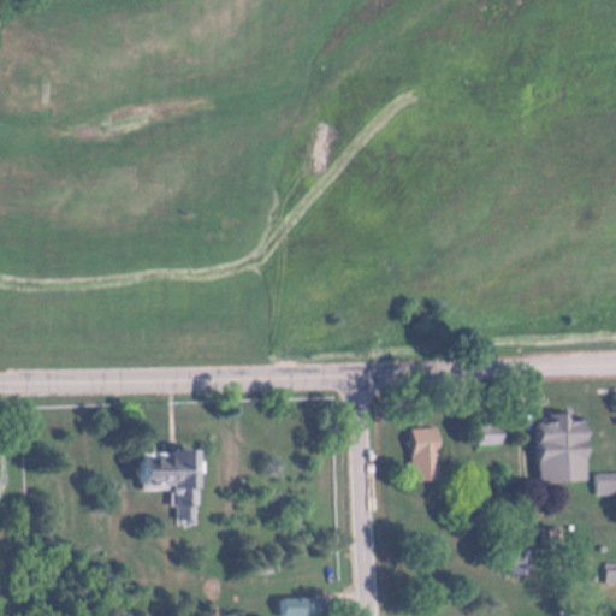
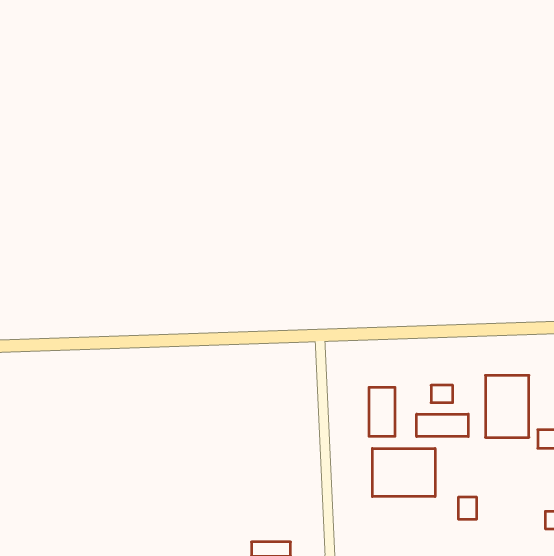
building: [141,449,199,525] -> none
building: none -> [417,414,468,437]
building: none -> [372,448,435,497]

